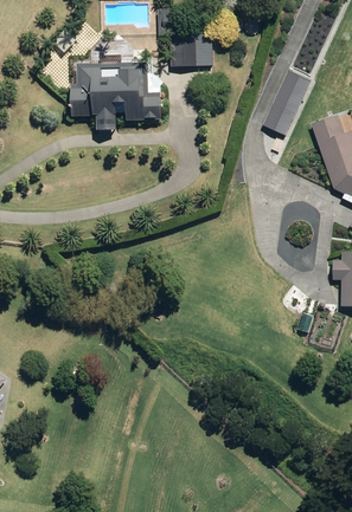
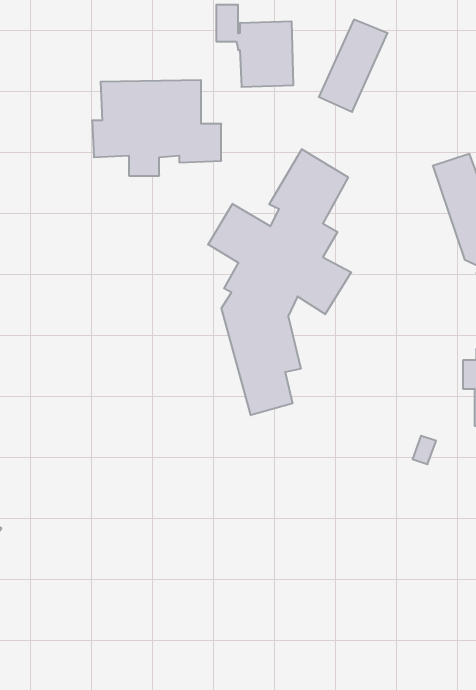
building: [262,70,311,135] -> [319,20,388,112]
building: none -> [208,149,351,415]

